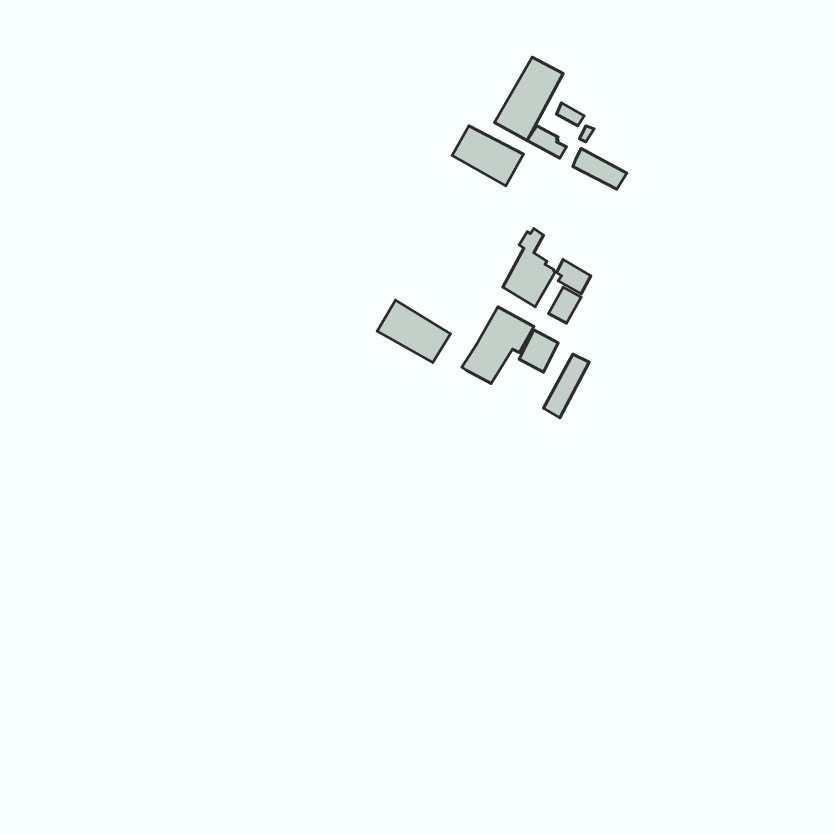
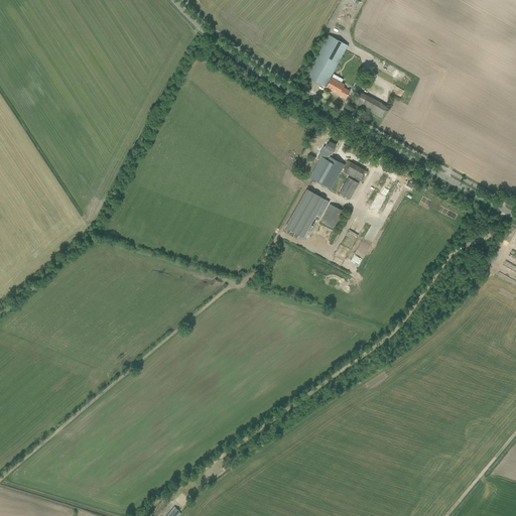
building: [452,126,523,186] -> none
building: [377,300,451,363] -> none

